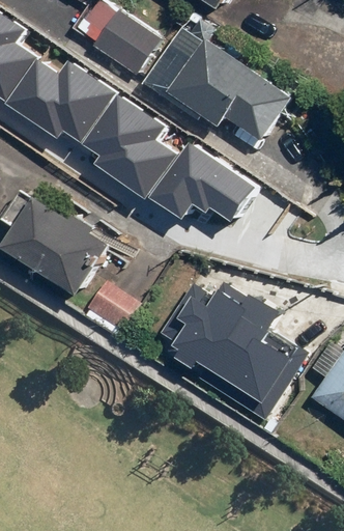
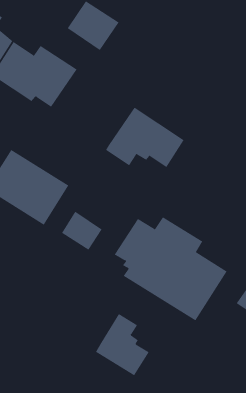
building: [166,36,290,139] -> none
building: [81,95,177,200] -> none
building: none -> [95,313,150,376]

